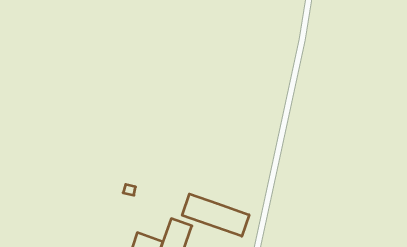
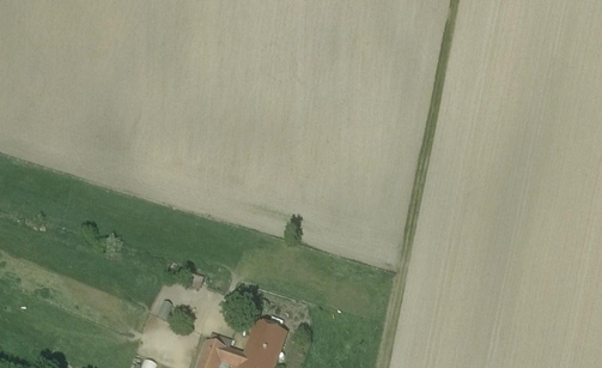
building: [182,194,249,236] -> none

